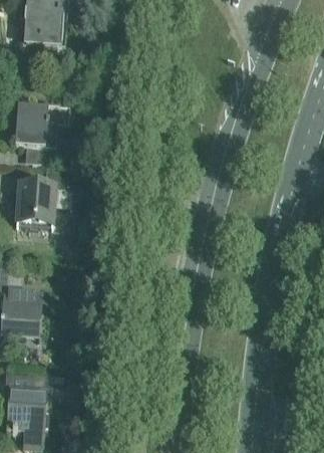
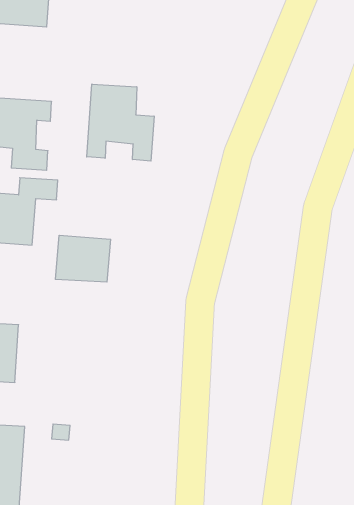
building: none -> [87,84,154,161]
building: none -> [55,235,111,282]

